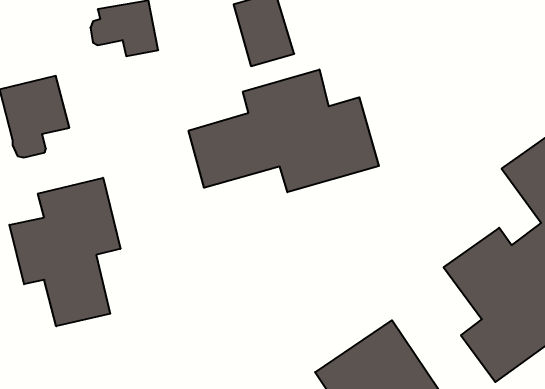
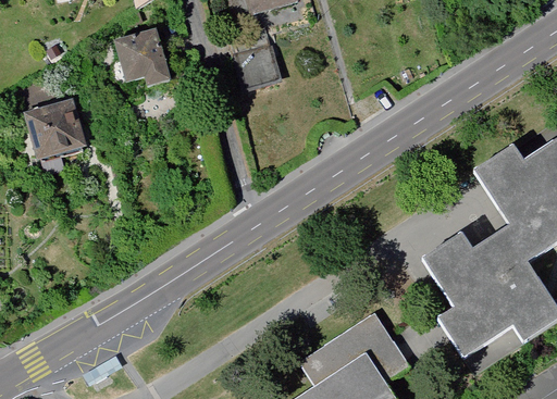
building: [189,69,379,192] -> none
building: [9,178,120,326] -> none

